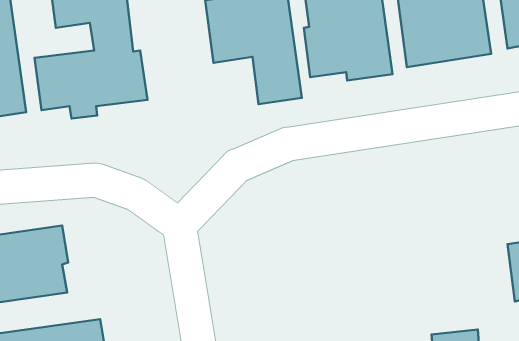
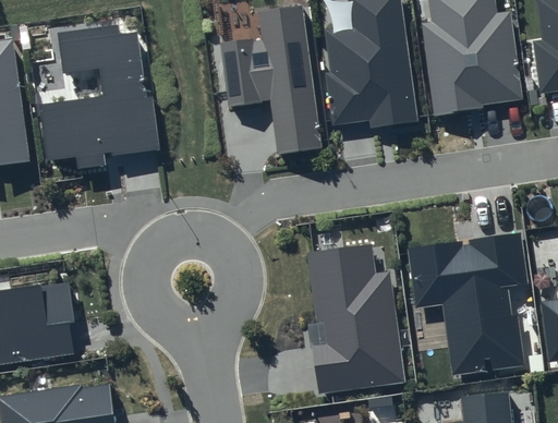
building: none -> [408,232,529,374]
building: none -> [306,245,404,395]

